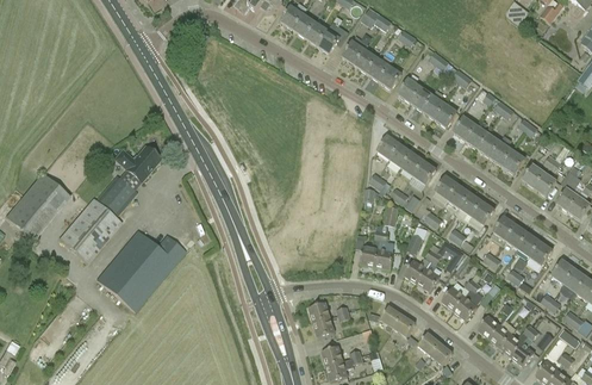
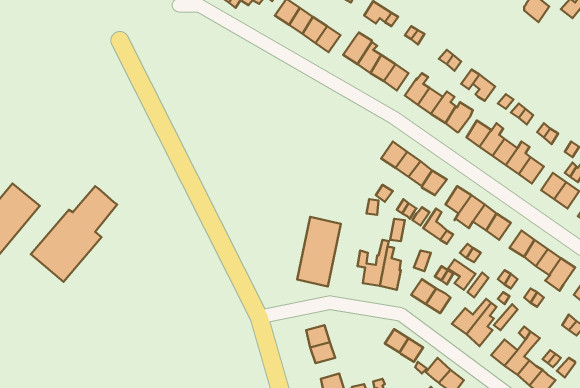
building: [114,145,160,190] -> none
building: none -> [297,217,341,286]
building: [96,229,185,310] -> none

